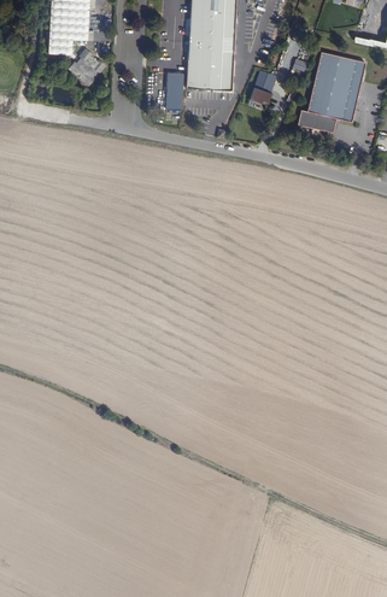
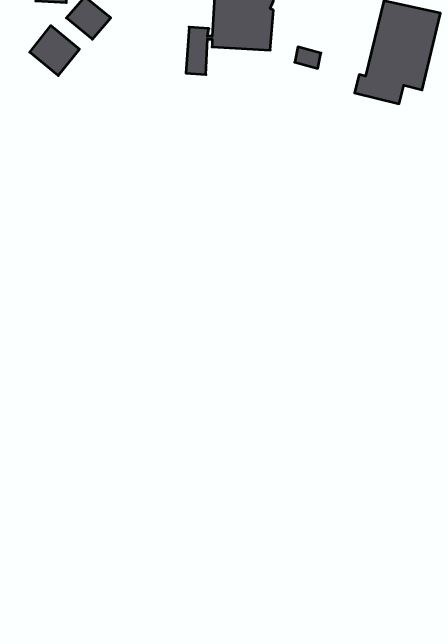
building: none -> [30,26,79,76]

